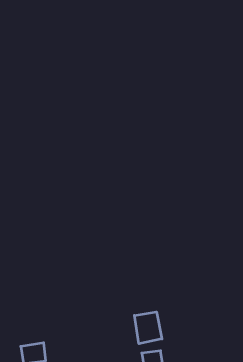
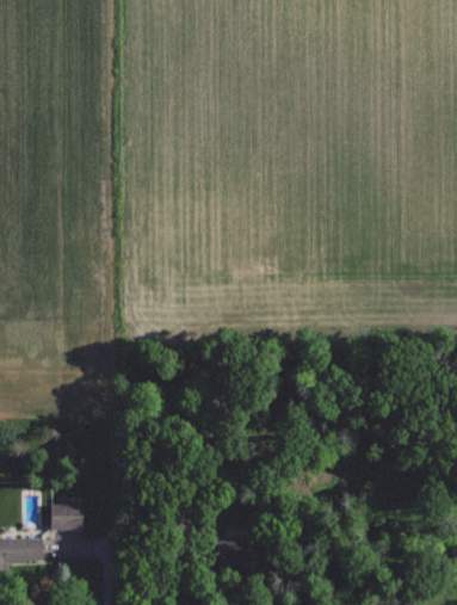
building: [134,312,162,344] -> none

